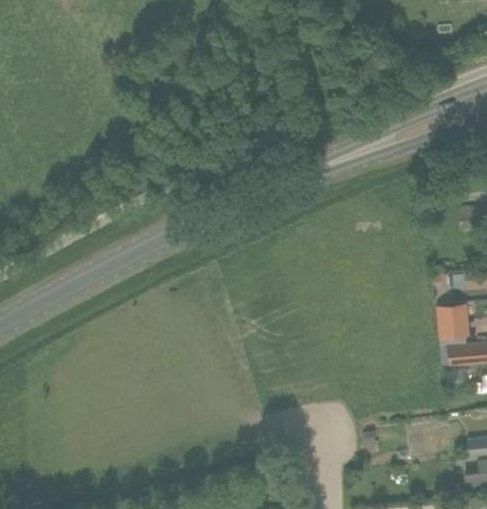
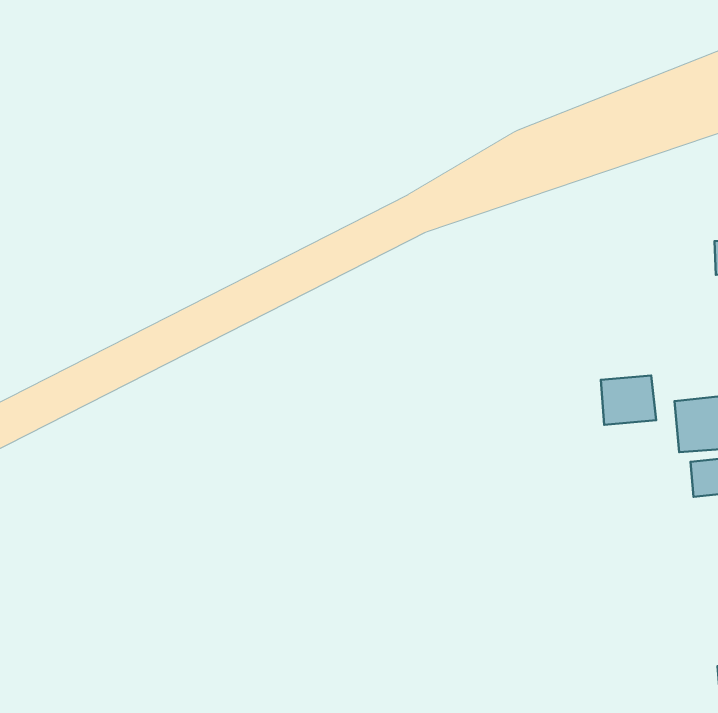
building: none -> [601,375,656,425]

